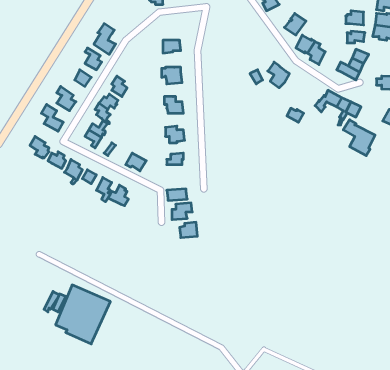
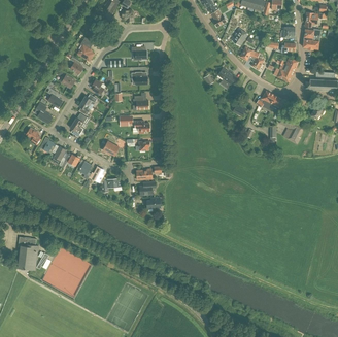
building: none -> [18,236,38,269]

